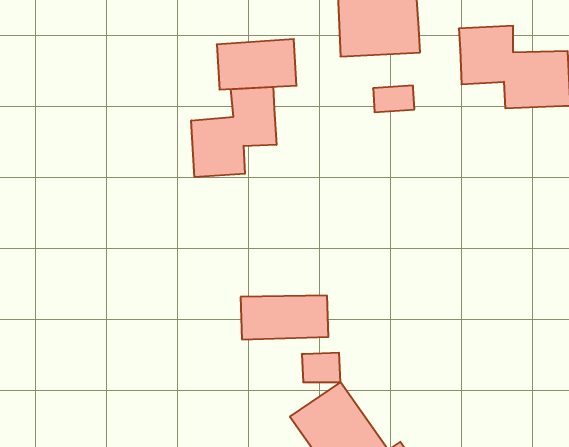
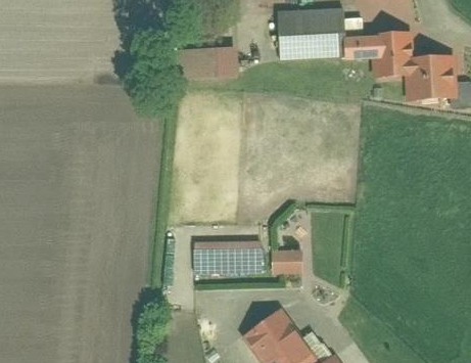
building: [373,86,414,112] -> [339,35,371,55]
building: [191,87,276,177] -> none
building: [302,353,340,382] -> [278,252,308,274]

